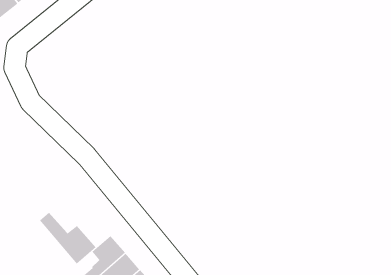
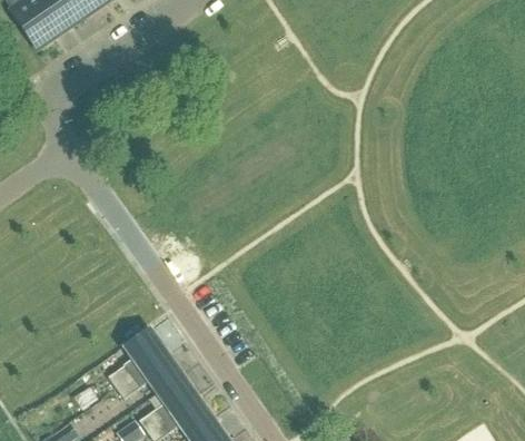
building: [39,212,96,264] -> none

